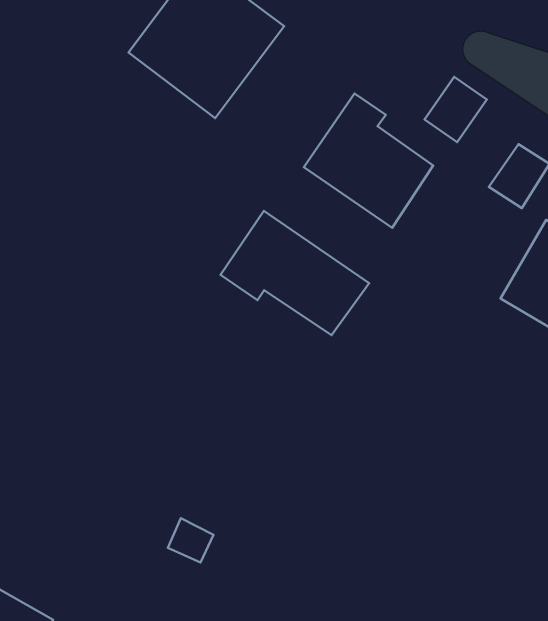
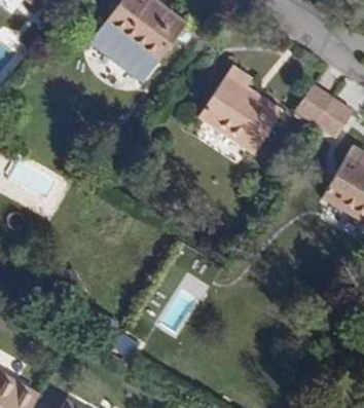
building: [425,77,487,142] -> [294,83,333,124]
building: [221,211,369,335] -> none

